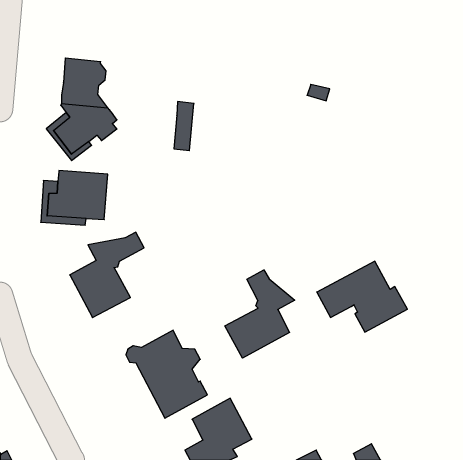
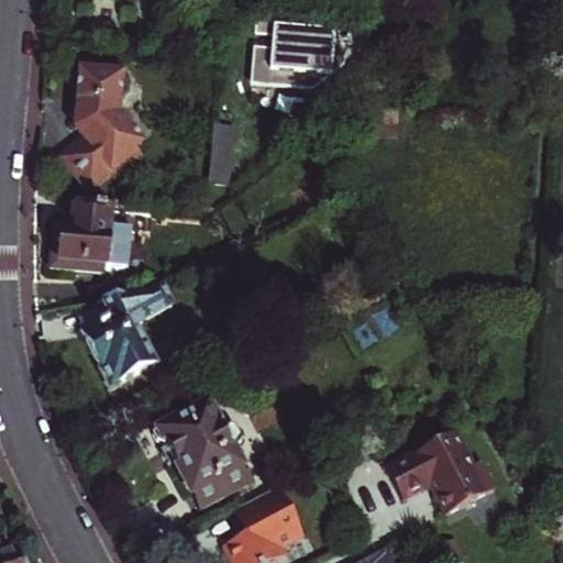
building: none -> [250,12,343,89]
building: [317,261,407,332] -> [385,426,495,511]
building: [225,270,295,358] -> none

